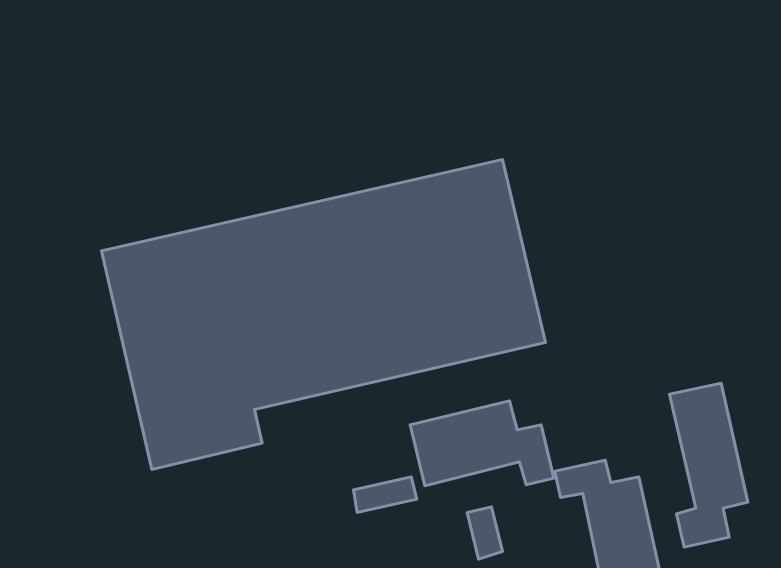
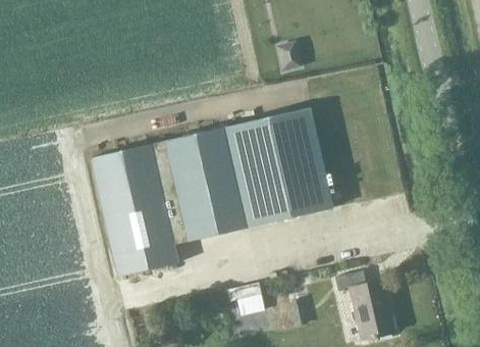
building: [670,383,748,547] -> none
building: [410,401,554,486] -> none

